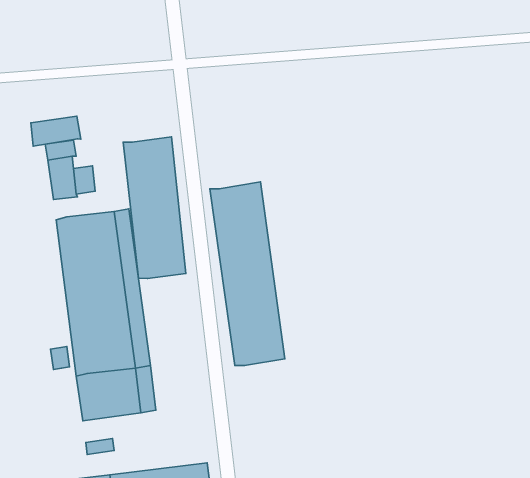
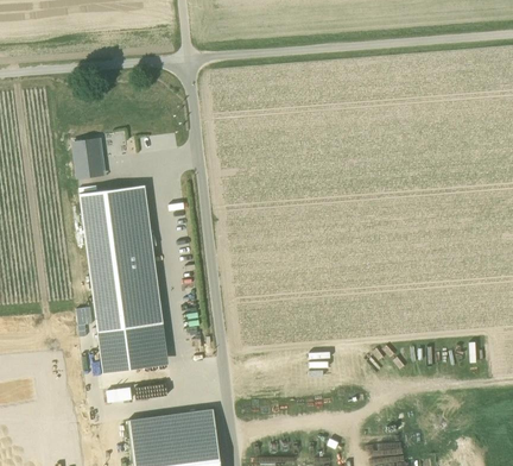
building: [31,116,81,146] -> none
building: [123,137,186,278] -> none
building: [210,182,285,365] -> none

